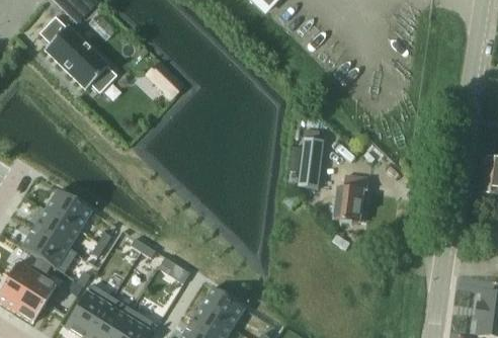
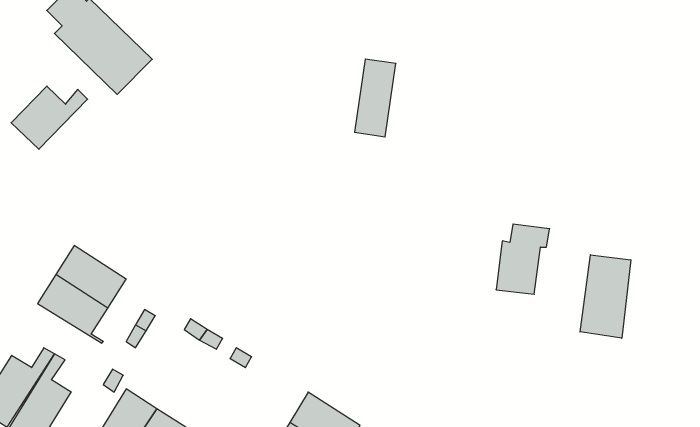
building: none -> [11,86,88,149]
building: [300,136,327,187] -> [355,59,396,137]
building: none -> [580,255,631,338]
building: [20,227,75,272] -> none

